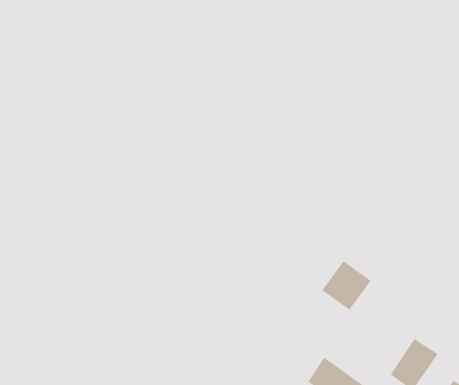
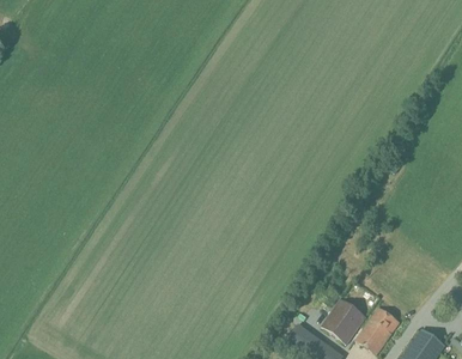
building: [322,261,372,311] -> [322,298,366,342]

